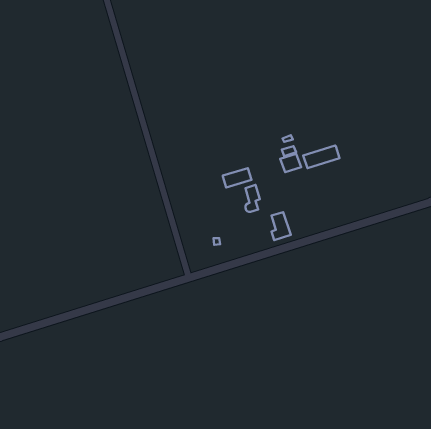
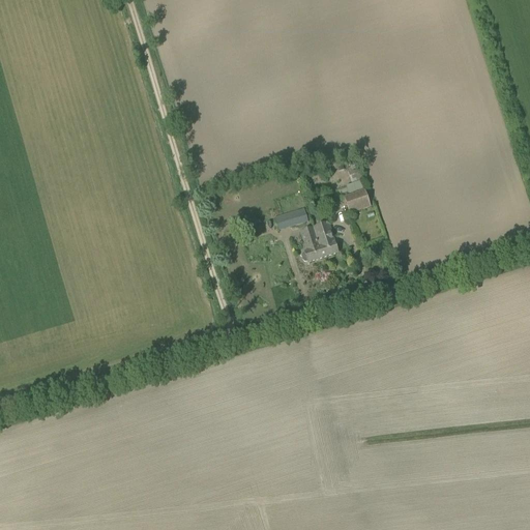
building: [303,145,339,168] -> none
building: [272,212,291,240] -> [314,223,337,257]

